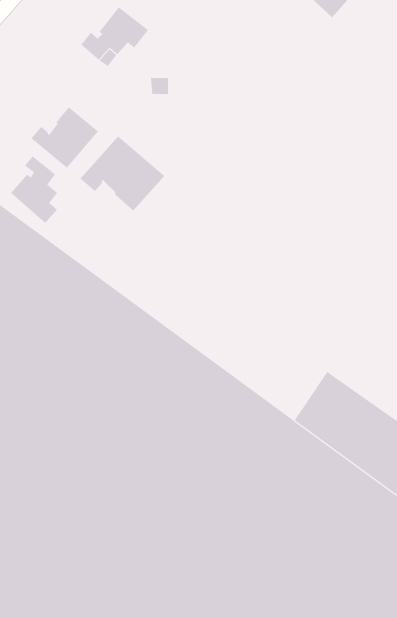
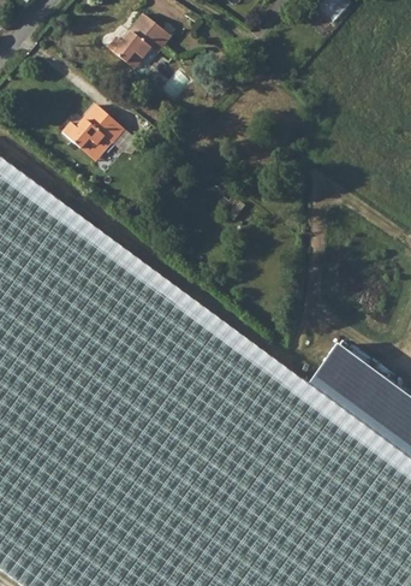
building: [79,136,165,212] -> none
building: [10,155,58,224] -> none

